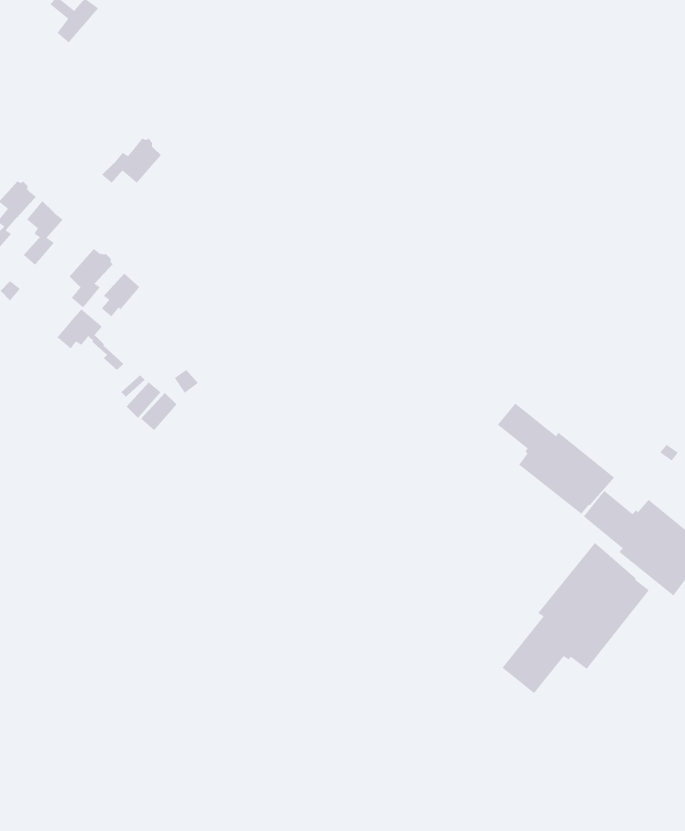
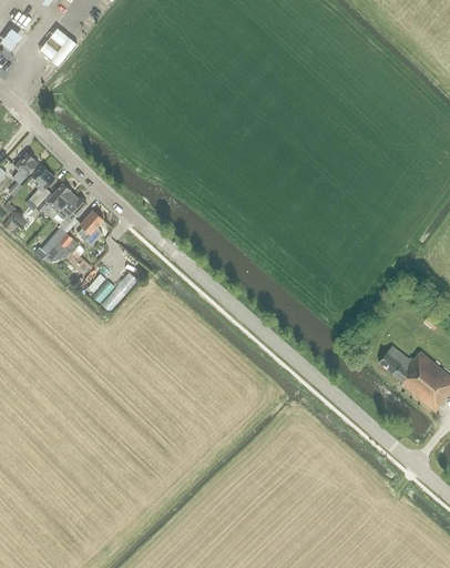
building: [101,138,162,184] -> [35,183,73,212]
building: [497,403,615,515] -> none
building: [502,542,650,694] -> none

